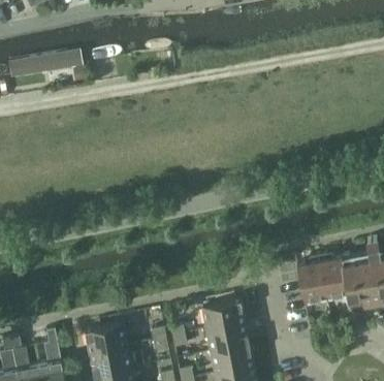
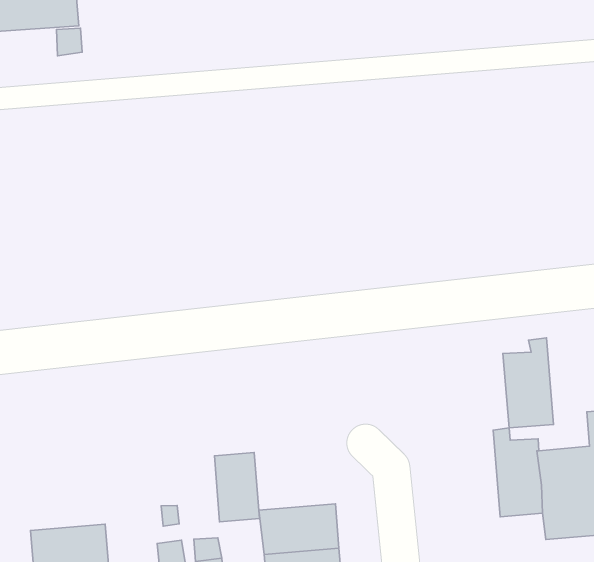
building: [296,253,326,301] -> [503,338,554,428]
building: none -> [214,452,259,522]

